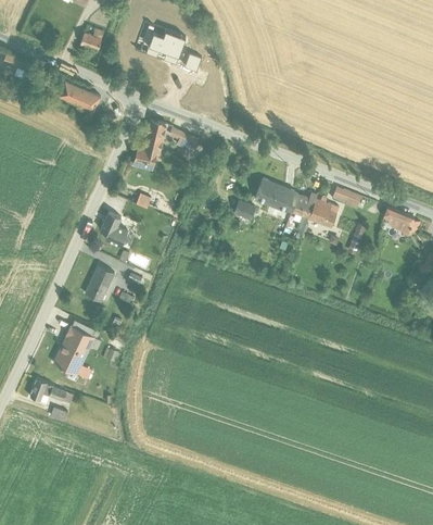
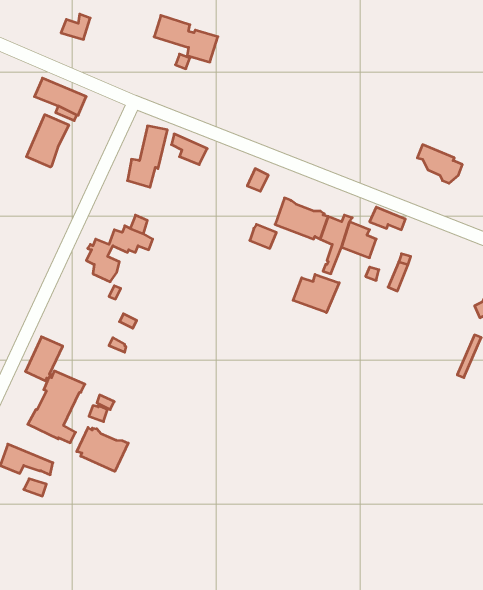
building: none -> [26,115,69,167]
building: [382,204,419,236] -> [417,145,462,183]
building: none -> [293,274,339,313]
building: [85,264,115,300] -> [25,337,63,381]
building: none -> [77,427,128,471]

